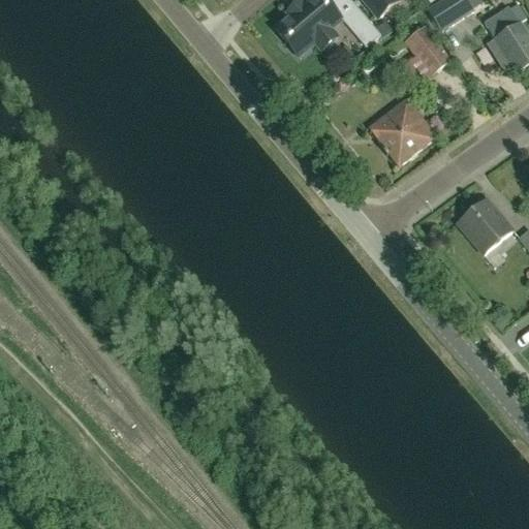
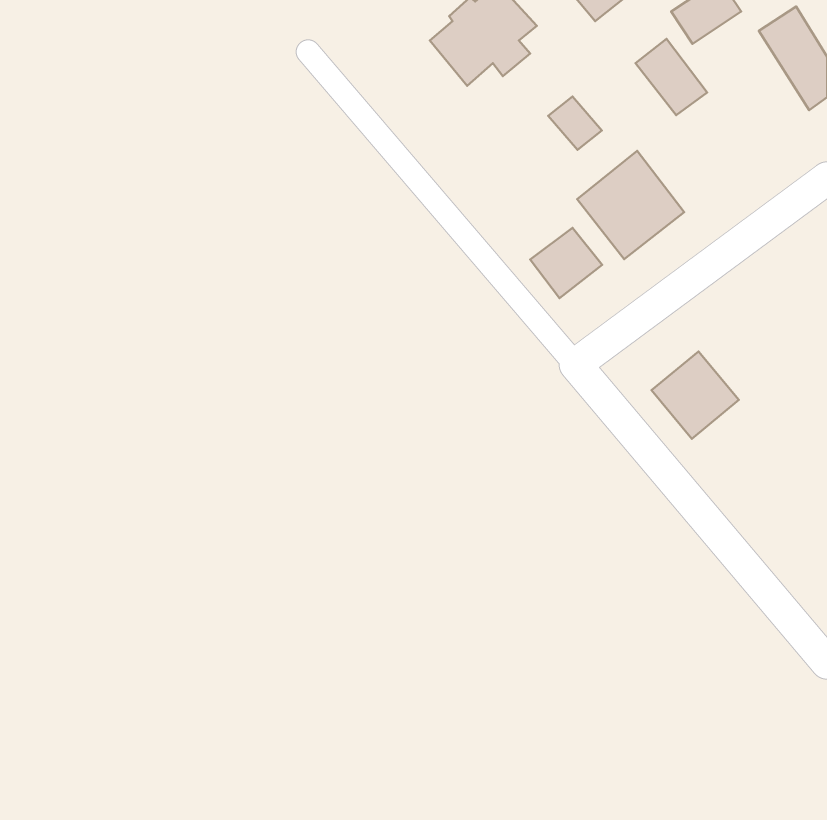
building: [346,11,380,45] -> [548,96,602,150]
building: none -> [530,228,602,298]
building: [457,197,512,253] -> [651,351,739,439]

